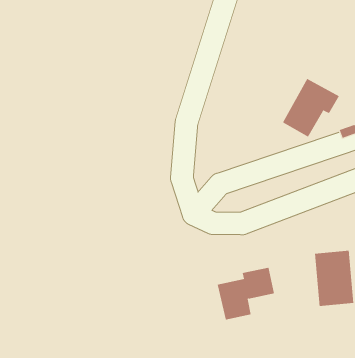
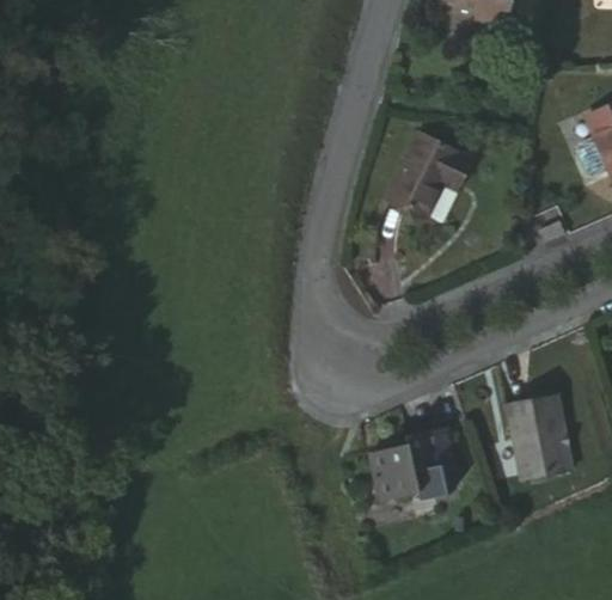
building: [282,78,340,138] -> [387,129,467,214]

